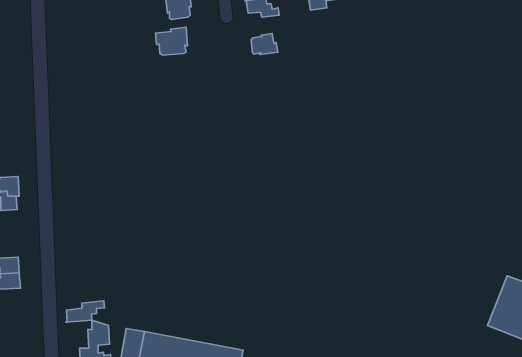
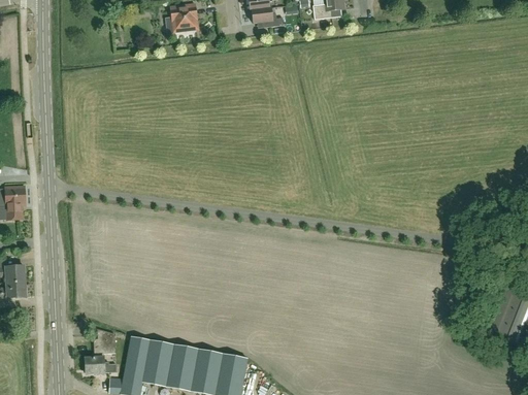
building: [155,27,187,55] -> none
building: [251,33,278,54] -> none
building: [66,301,104,322] -> none

